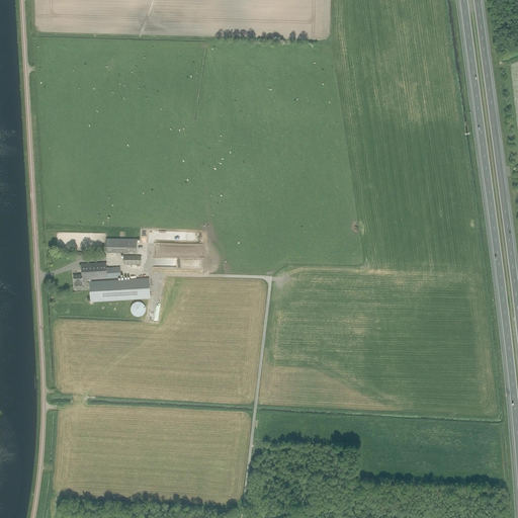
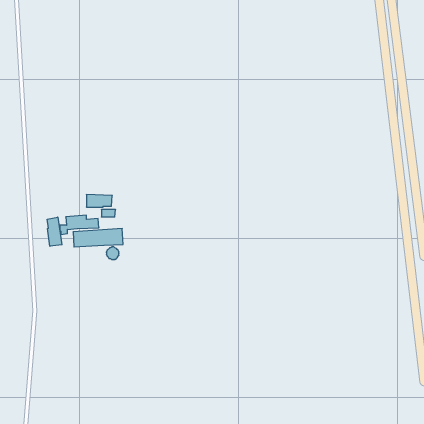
building: none -> [47,217,62,246]

